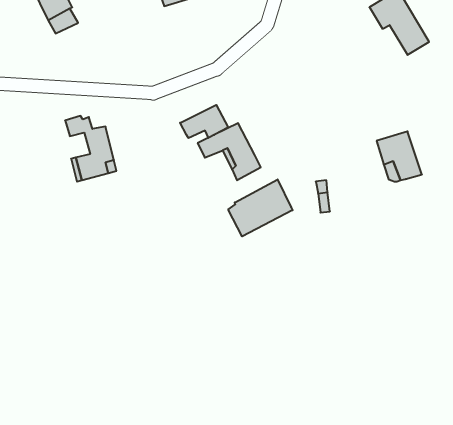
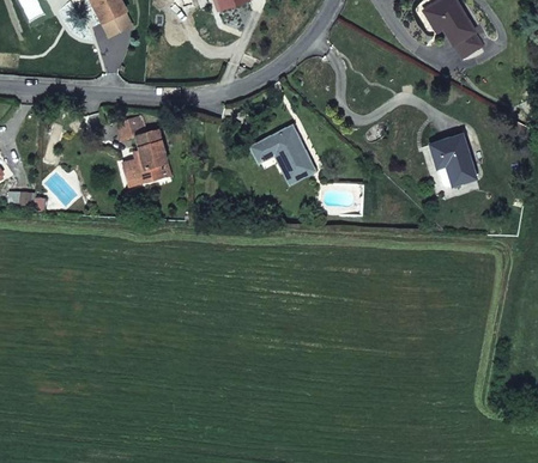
building: [180,105,228,138] -> none
building: [228,179,293,236] -> none

